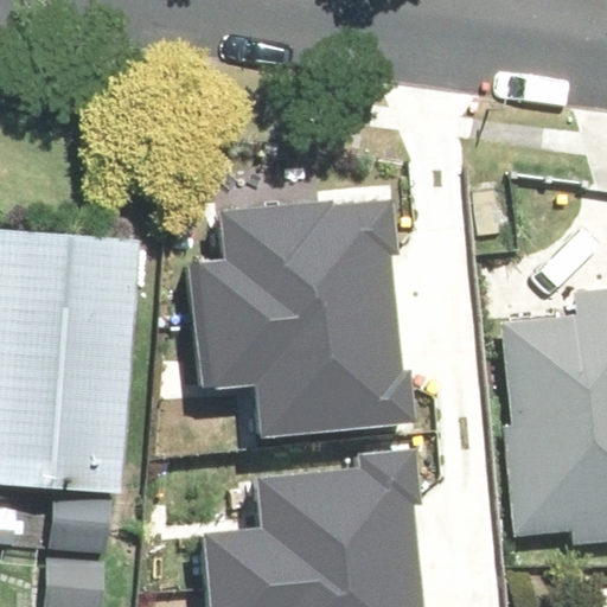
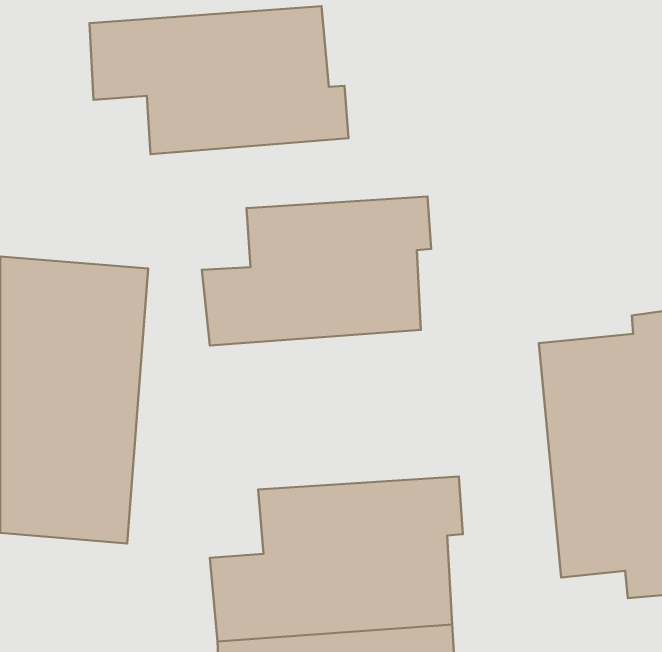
building: none -> [90,6,349,154]
building: [197,314,409,437] -> none

